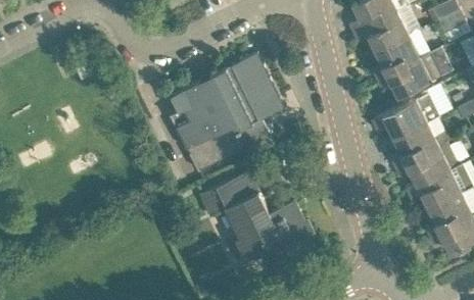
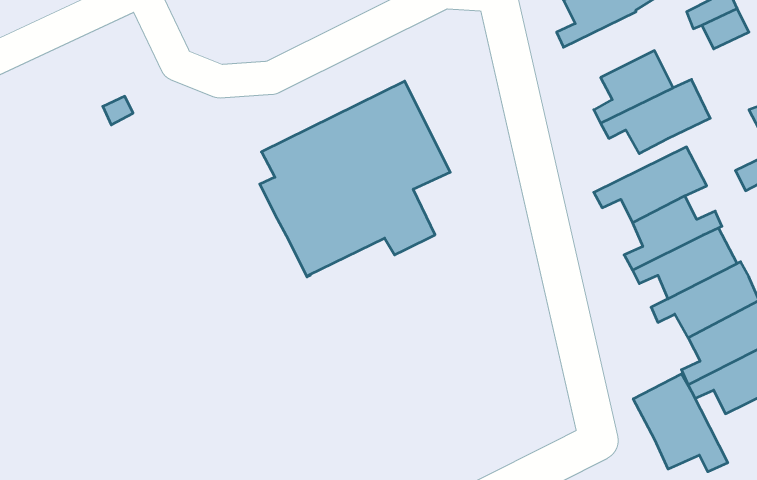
building: [353,12,409,52] -> none
building: [201,172,314,259] -> none
building: none -> [633,374,728,472]

